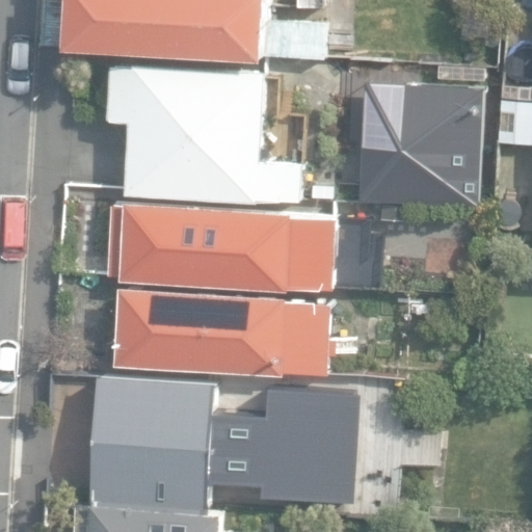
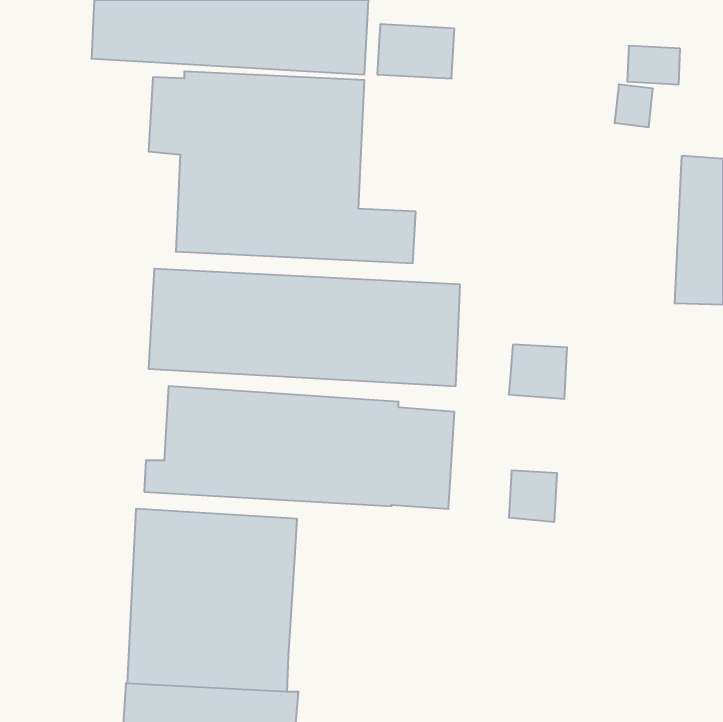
building: [317,130,481,206] -> none
building: [210,392,331,498] -> none

